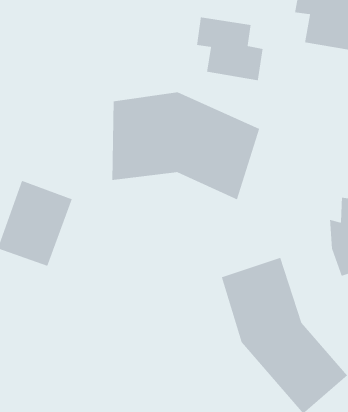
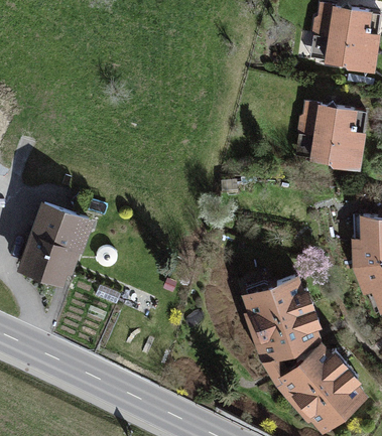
building: [196,16,263,81] -> [298,103,366,168]
building: [112,92,260,201] -> none

